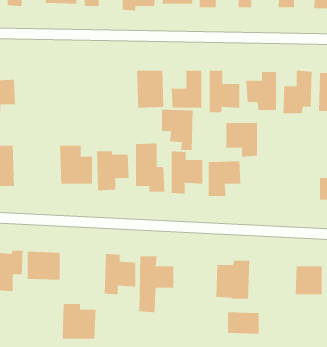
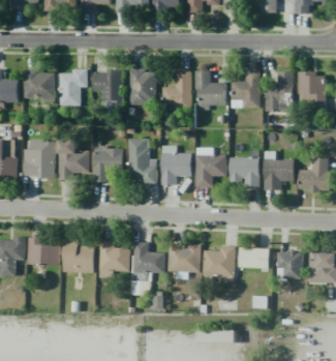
building: none -> [59,68,88,106]
building: none -> [24,70,55,103]
building: [161,109,194,150] -> [93,70,123,109]
building: [225,122,258,157] -> [230,157,259,189]
building: none -> [24,139,55,176]
building: none -> [265,159,294,190]
building: none -> [167,243,201,272]
building: [62,303,96,339] -> [62,239,94,272]
building: [227,312,259,334] -> [239,247,269,268]

